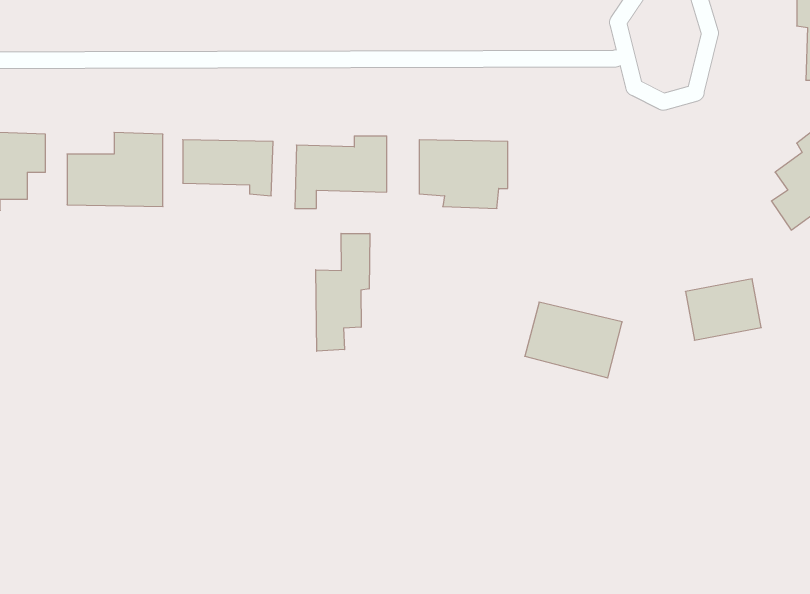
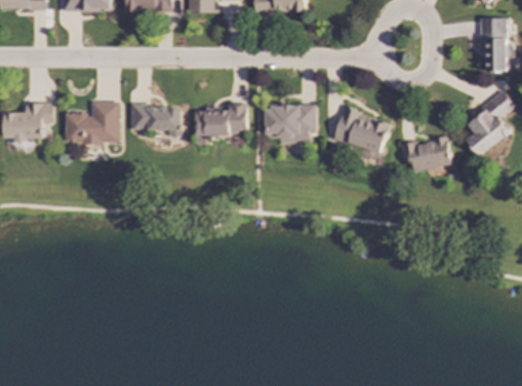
building: [316,233,370,351] -> none
building: [685,279,761,340] -> [407,137,450,171]
building: [525,302,622,378] -> [333,110,389,153]

